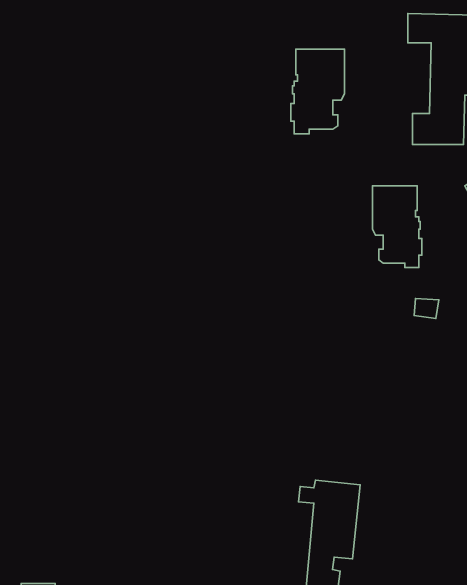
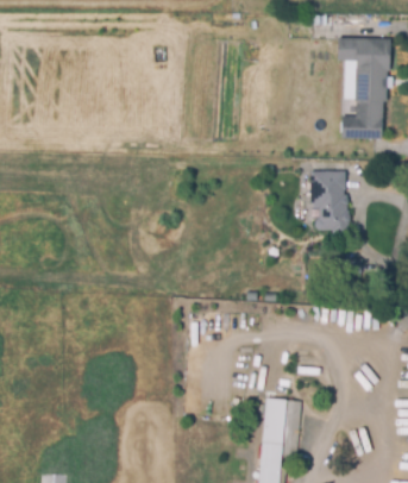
building: [291,49,344,134] -> none

